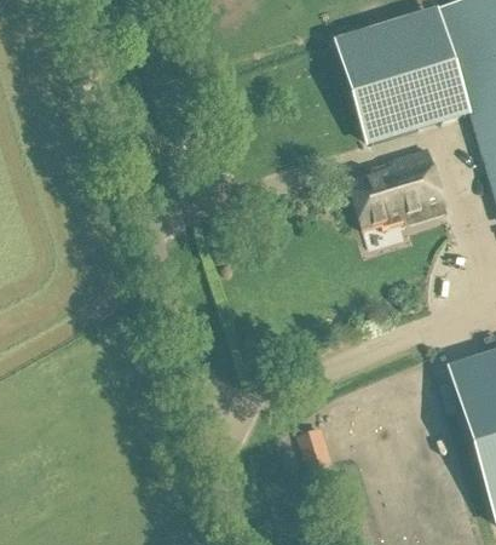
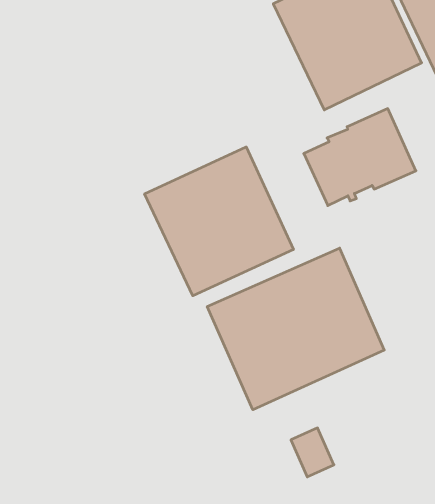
building: none -> [145,147,293,296]
building: none -> [207,248,384,410]

